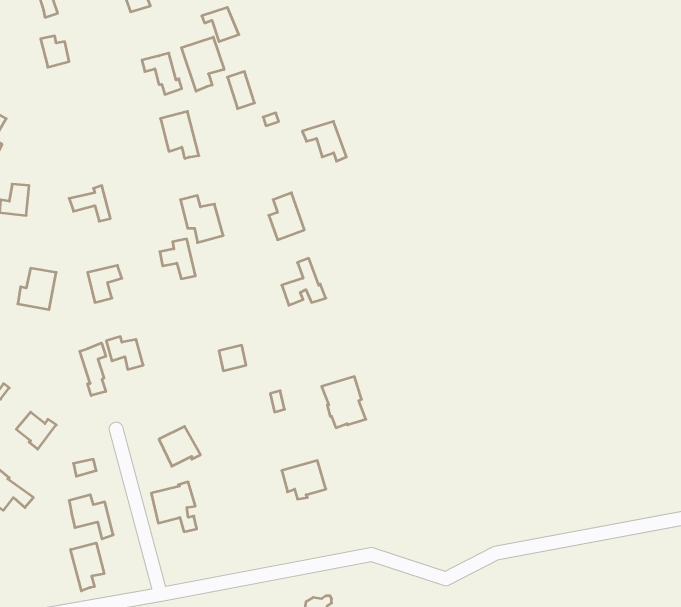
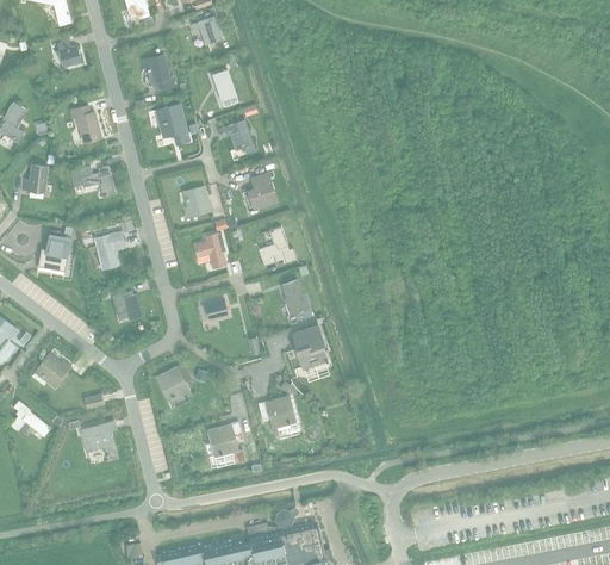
building: [181,37,224,91] -> none
building: none -> [70,105,101,142]
building: [302,121,346,161] -> [217,120,254,154]
building: [160,239,195,279] -> [194,234,224,267]
building: none -> [281,280,309,316]
building: [80,343,106,396] -> none
building: [151,482,197,532] -> [206,421,244,462]
building: [71,543,104,591] -> none

